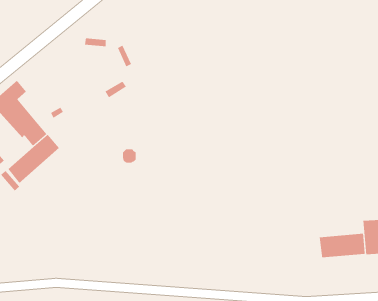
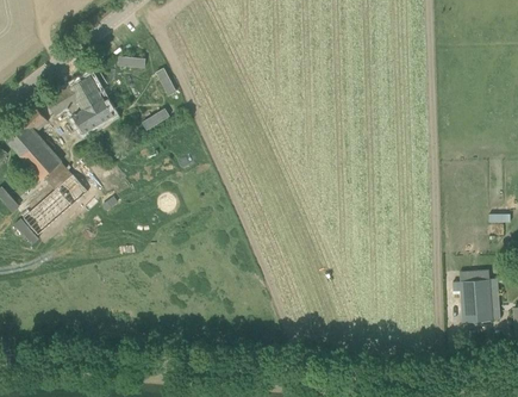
building: none -> [45,68,113,132]
building: [319,233,365,258] -> none

